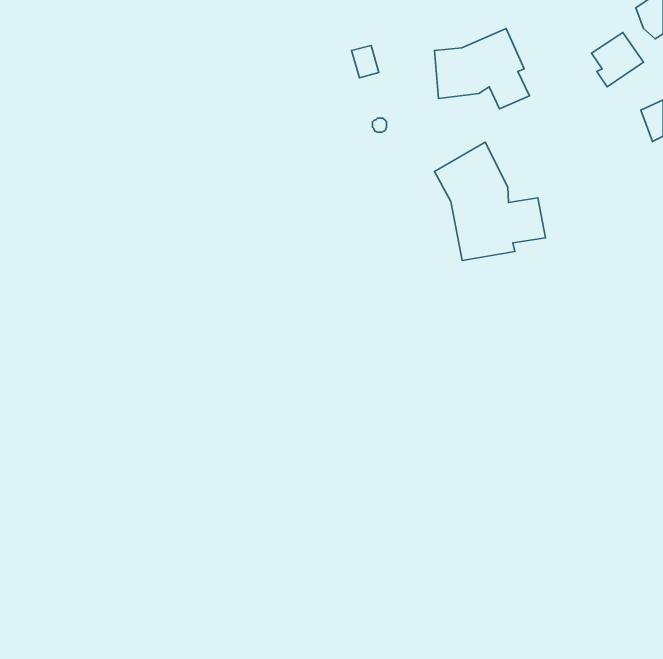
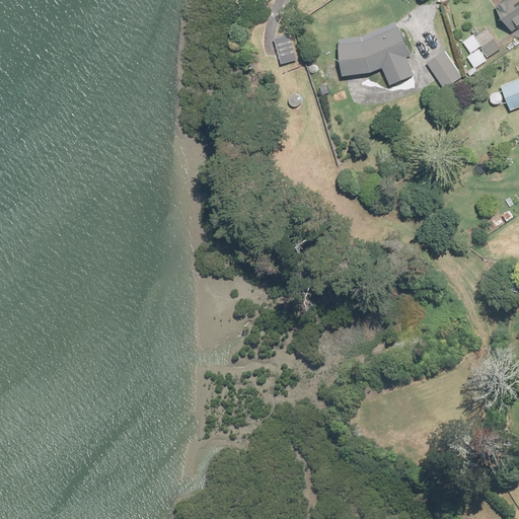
building: none -> [426,50,463,88]
building: [435,142,546,260] -> none

